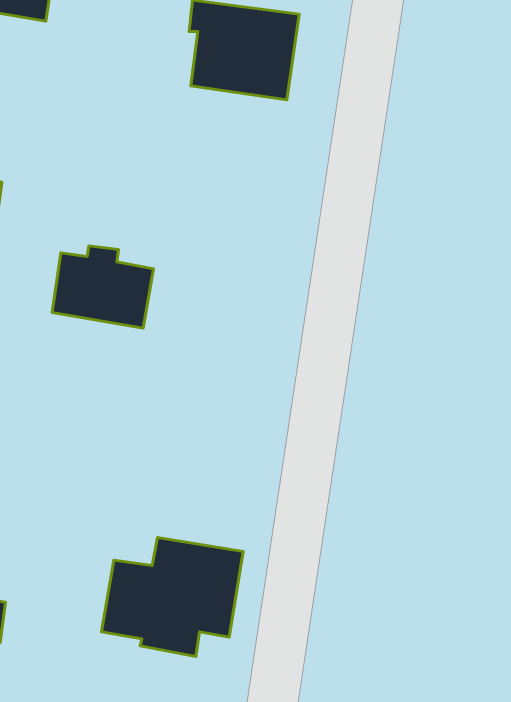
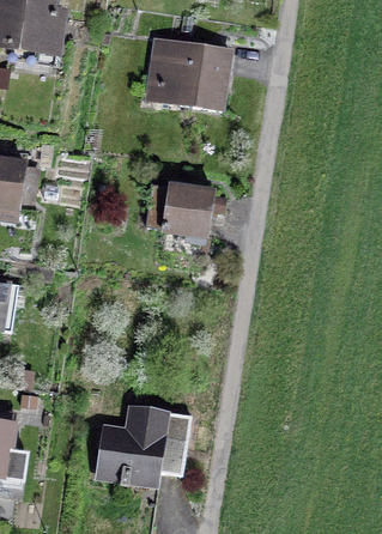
building: [52,246,154,328] -> [145,180,214,236]

